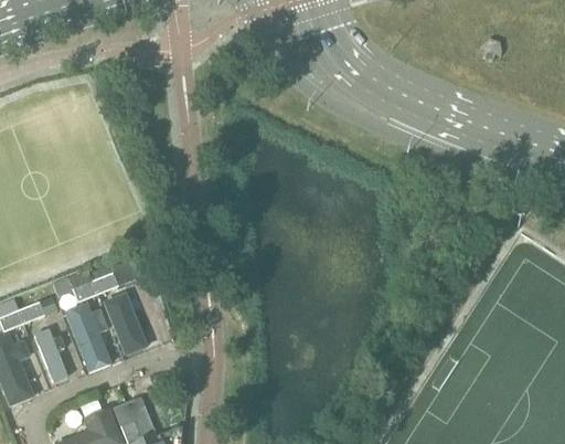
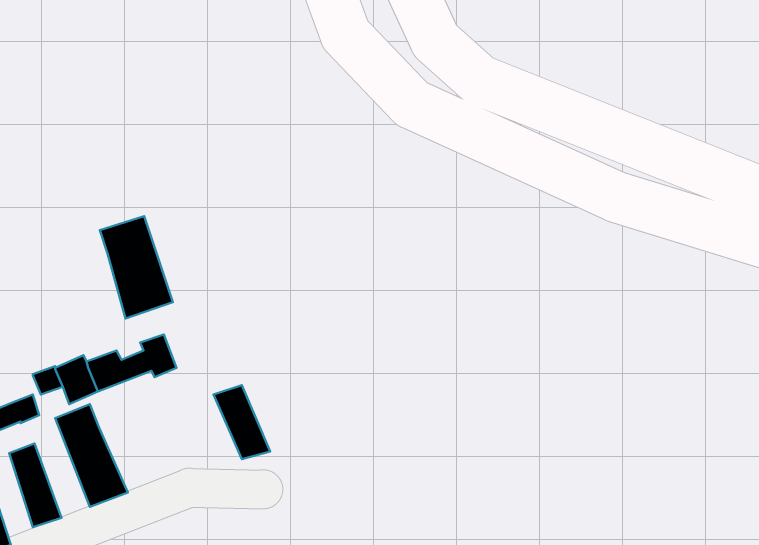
building: none -> [100,216,173,319]
building: [104,293,143,345] -> [213,385,270,459]

